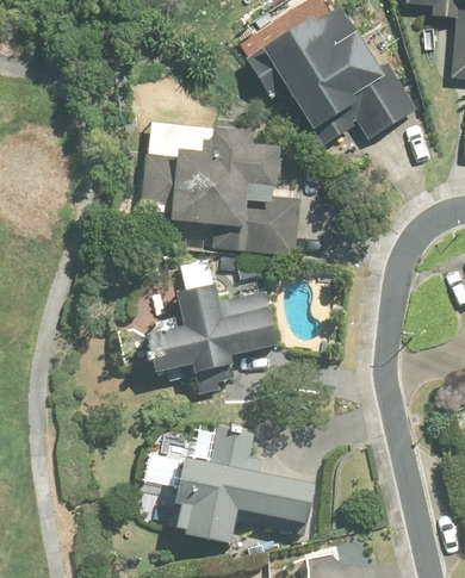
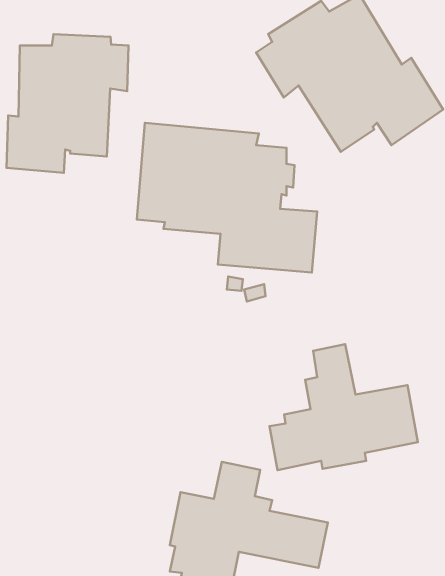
building: none -> [7,34,129,173]
building: [143,256,277,369] -> [269,344,418,470]

